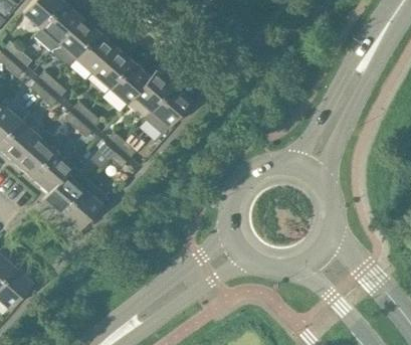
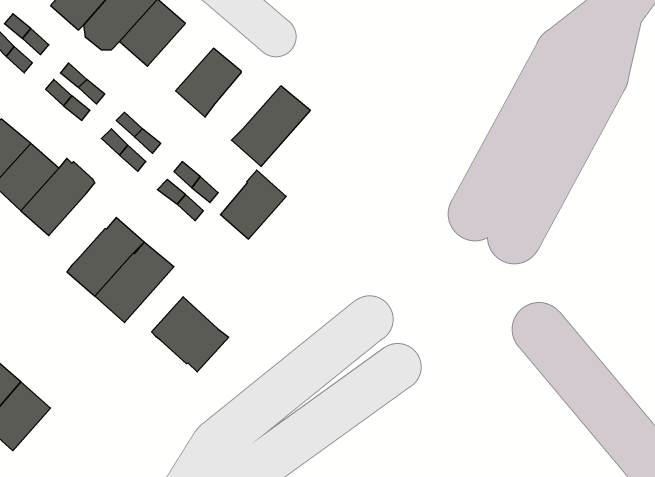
building: [92,48,133,90] -> none
building: [134,70,174,113] -> [220,170,286,239]
building: [32,152,73,193] -> none
building: none -> [152,297,229,372]

